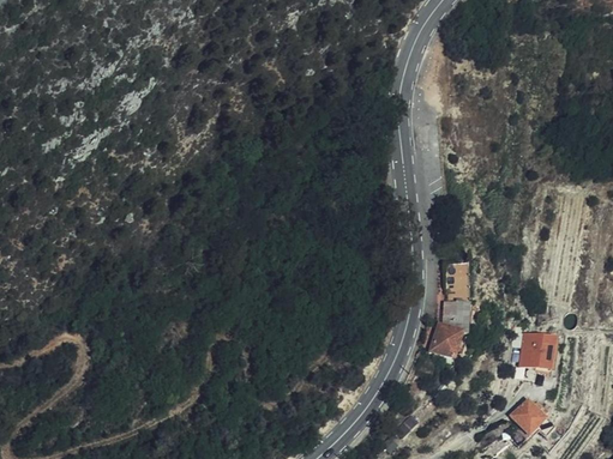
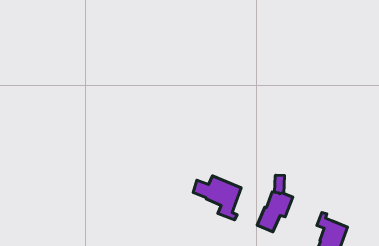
building: none -> [193,176,241,220]

